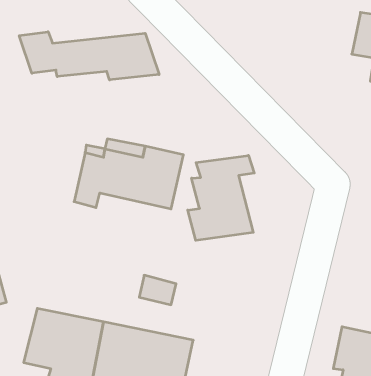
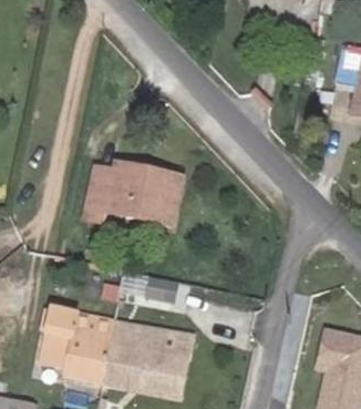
building: [19,32,159,80] -> none
building: [188,155,254,240] -> none

